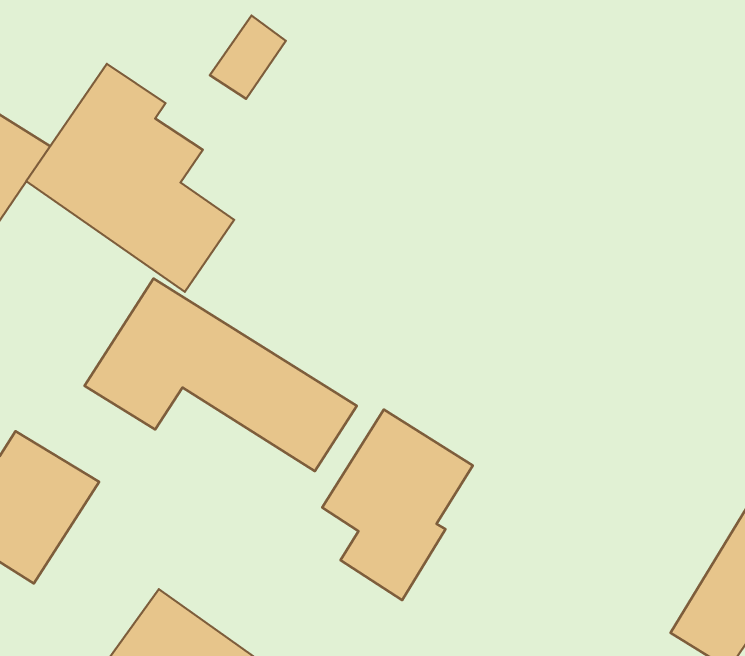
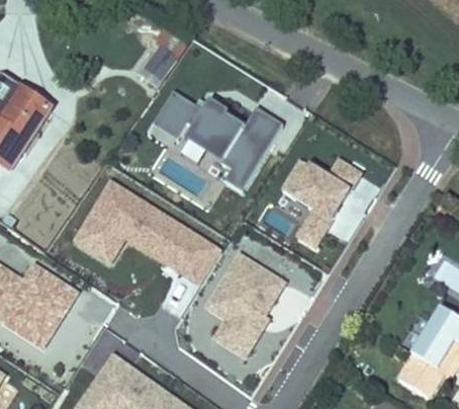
building: [26,64,234,292] -> none
building: none -> [153,91,283,189]
building: none -> [280,157,364,247]

